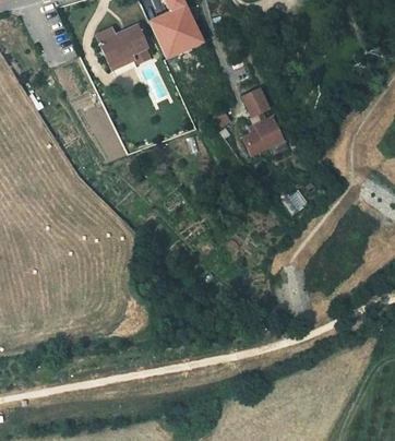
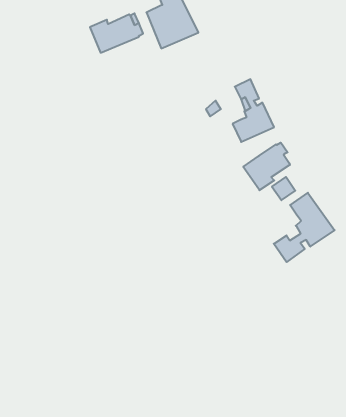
building: none -> [243,143,290,190]
building: none -> [274,193,335,262]

